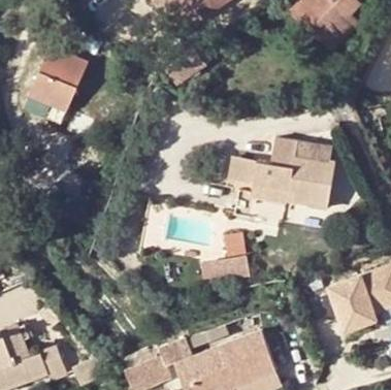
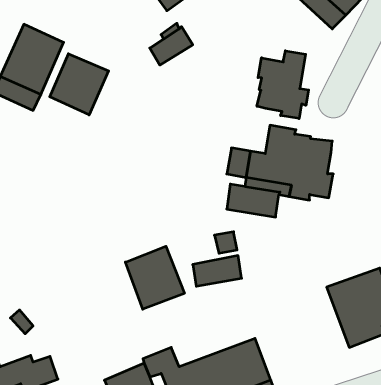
building: none -> [257,51,309,119]
building: none -> [50,54,109,115]
building: none -> [125,246,184,309]

